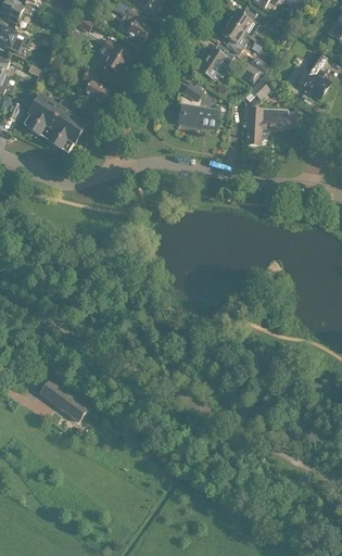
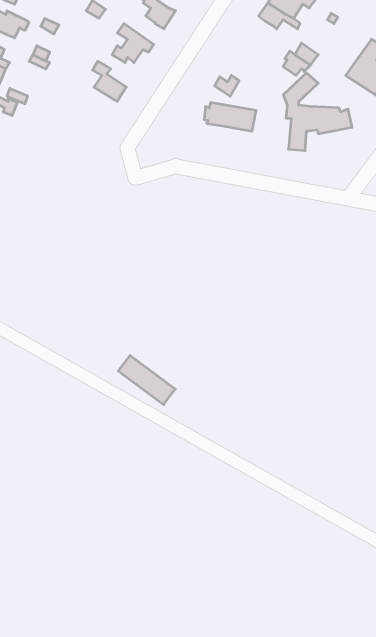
building: [199,48,233,77] -> none
building: [22,88,86,152] -> none
building: [39,379,87,420] -> [118,355,175,405]

